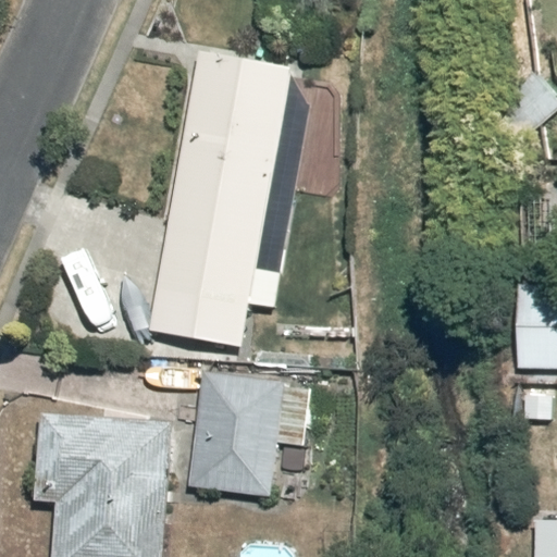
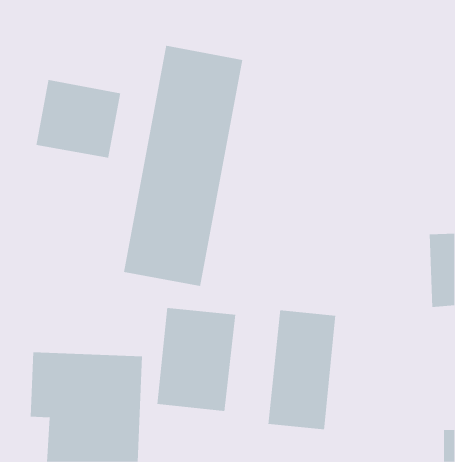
building: none -> [36,79,121,158]
building: none -> [268,309,336,430]

